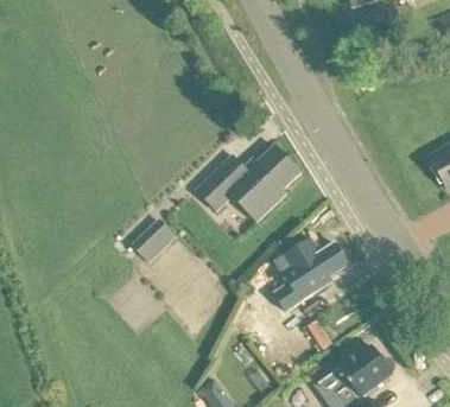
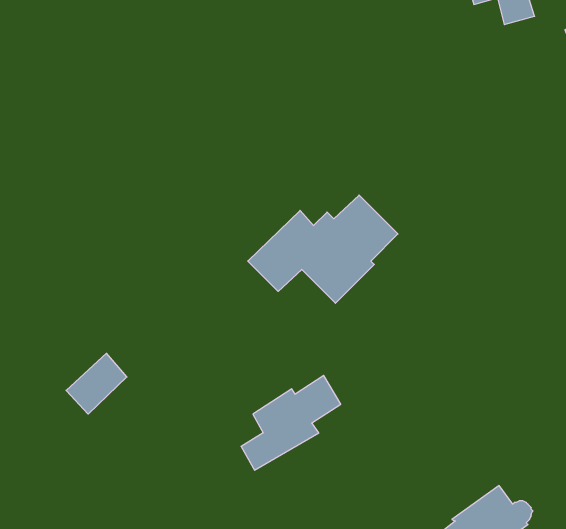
building: [132,221,175,263] -> [66,353,127,414]
building: [275,241,346,307] -> [241,375,341,470]

